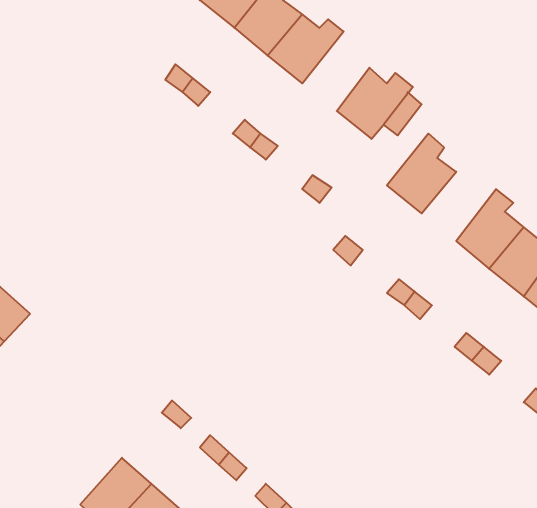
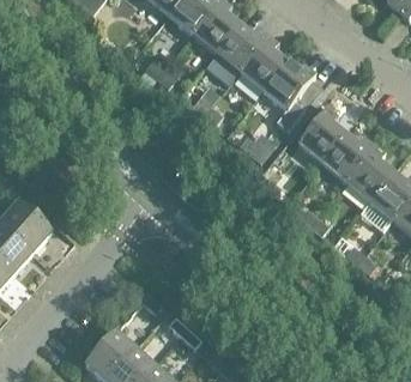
building: none -> [238,37,285,92]
building: none -> [321,134,373,182]

